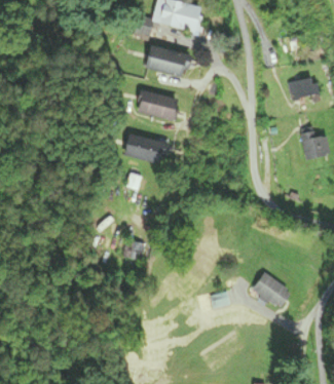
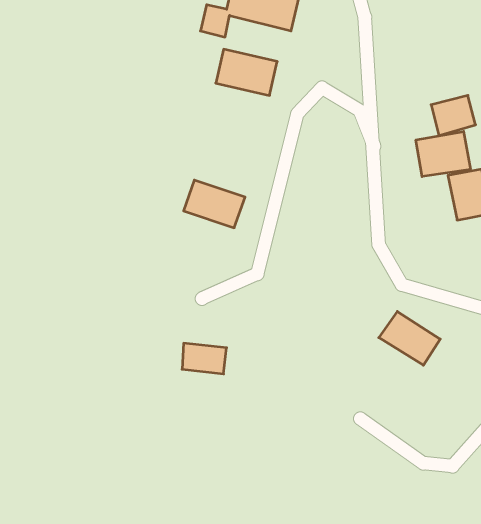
building: [138,90,178,119] -> none
building: none -> [416,131,470,177]
building: [252,272,293,308] -> [379,311,440,365]

